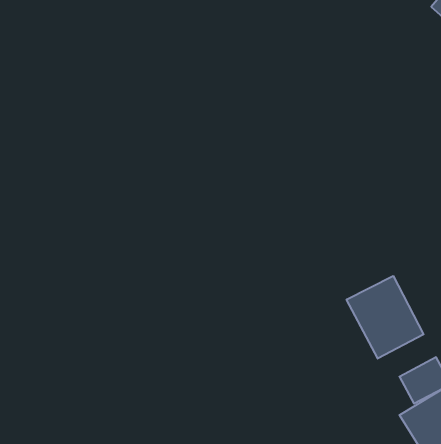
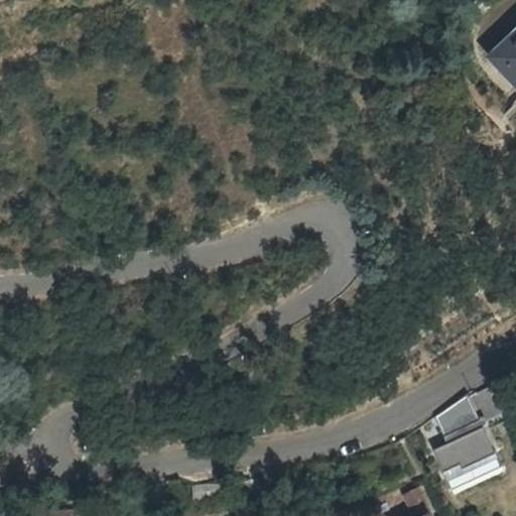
building: [347,276,424,359] -> none

